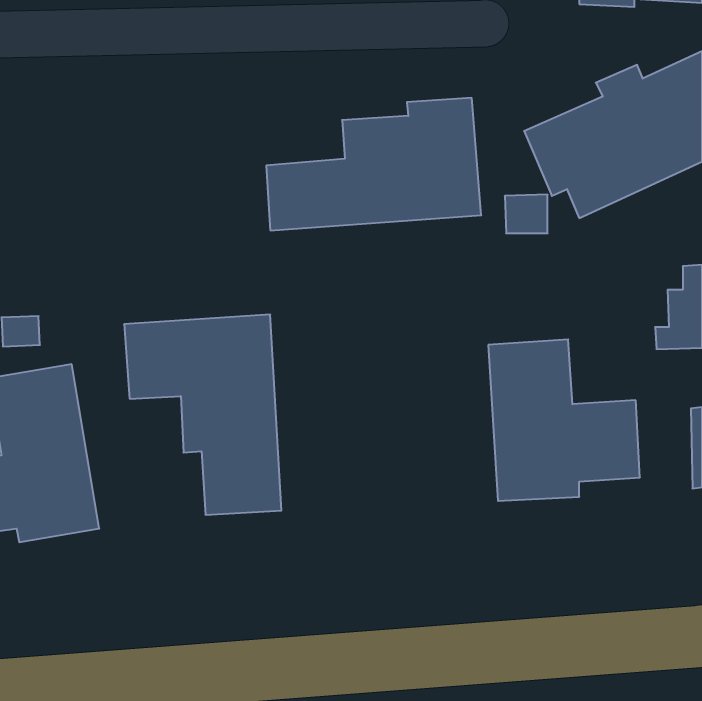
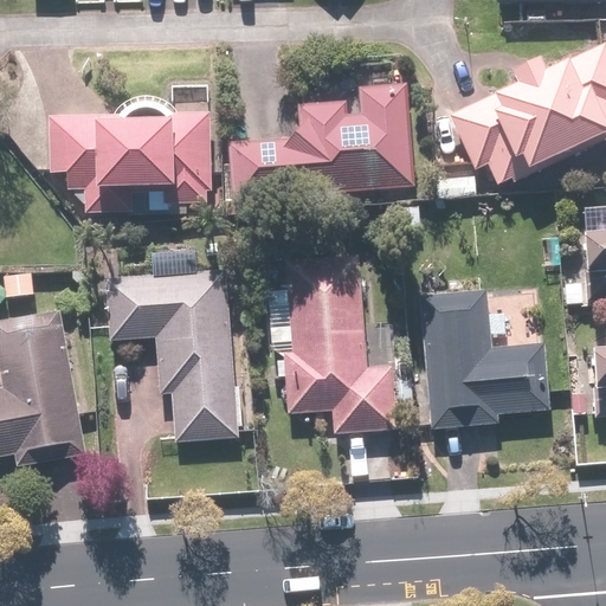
building: none -> [44,82,214,220]
building: none -> [265,254,415,431]

